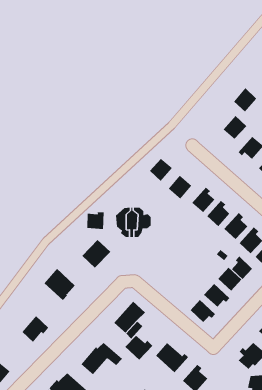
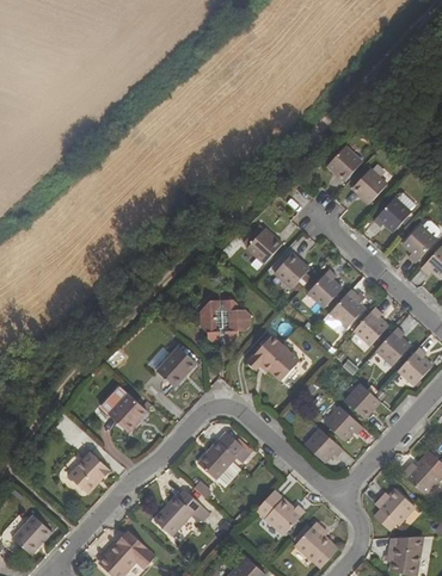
building: [233,87,257,112] -> [329,145,362,181]
building: [87,211,104,230] -> none
building: none -> [247,334,299,379]
building: [231,256,253,280] -> none
building: [124,335,153,360] -> none

